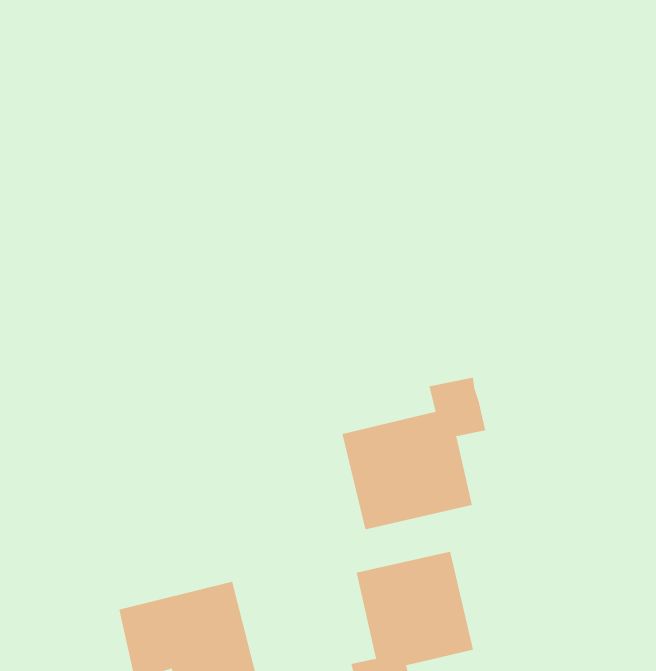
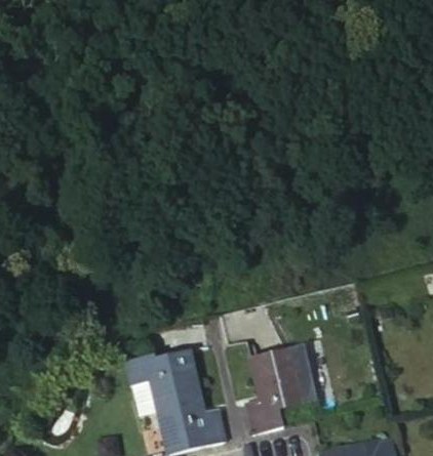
building: [342,377,486,530] -> none

